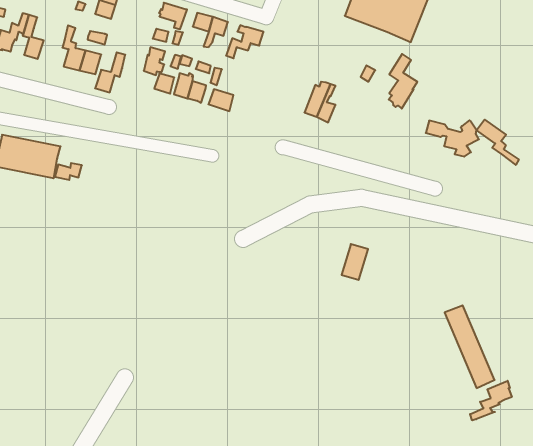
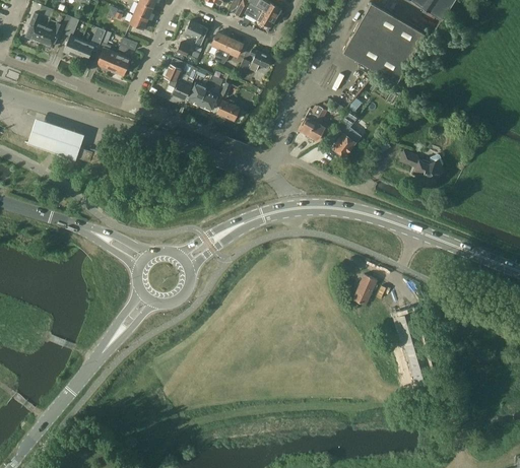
building: [95,52,125,92] -> [75,27,105,61]
building: [389,54,417,109] -> [333,111,360,157]
building: [477,120,519,165] -> none
building: [342,244,368,280] -> [351,274,377,306]
building: [470,381,512,420] -> none

